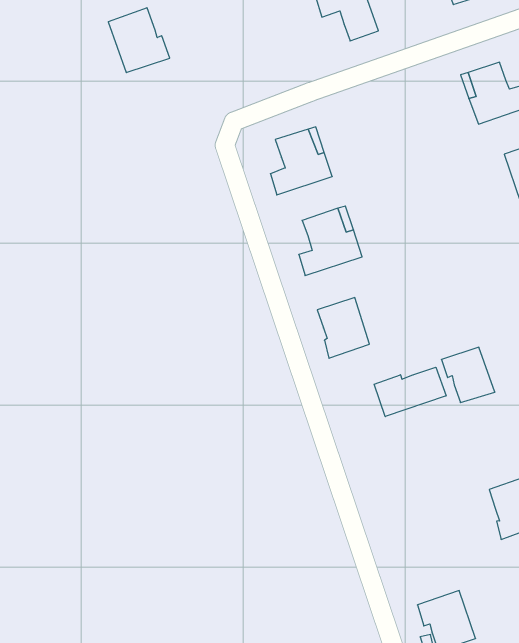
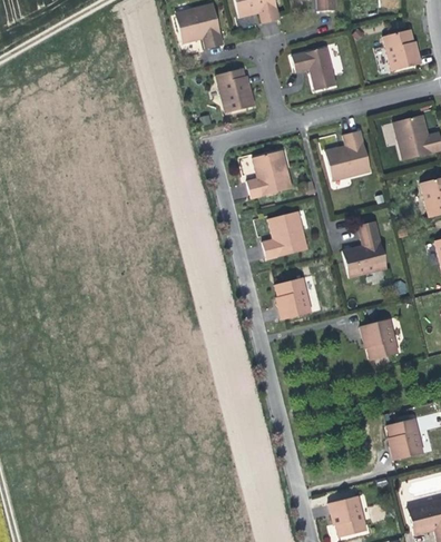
building: [108,8,170,73] -> [214,68,256,114]
building: none -> [325,132,370,177]
building: none -> [341,223,385,277]
building: [374,367,446,417] -> none

